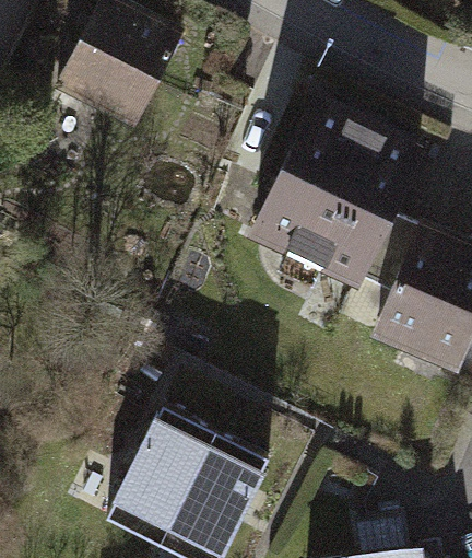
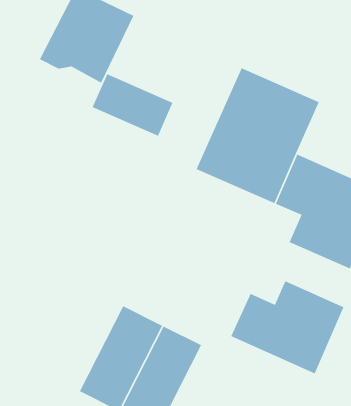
building: none -> [91,73,174,137]
building: none -> [230,280,344,374]

